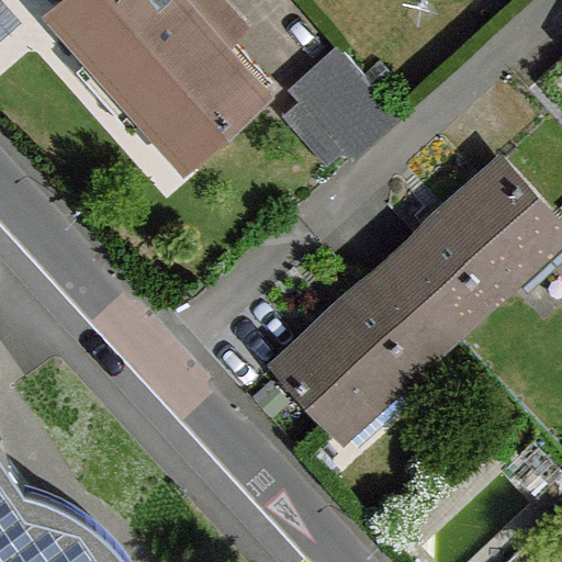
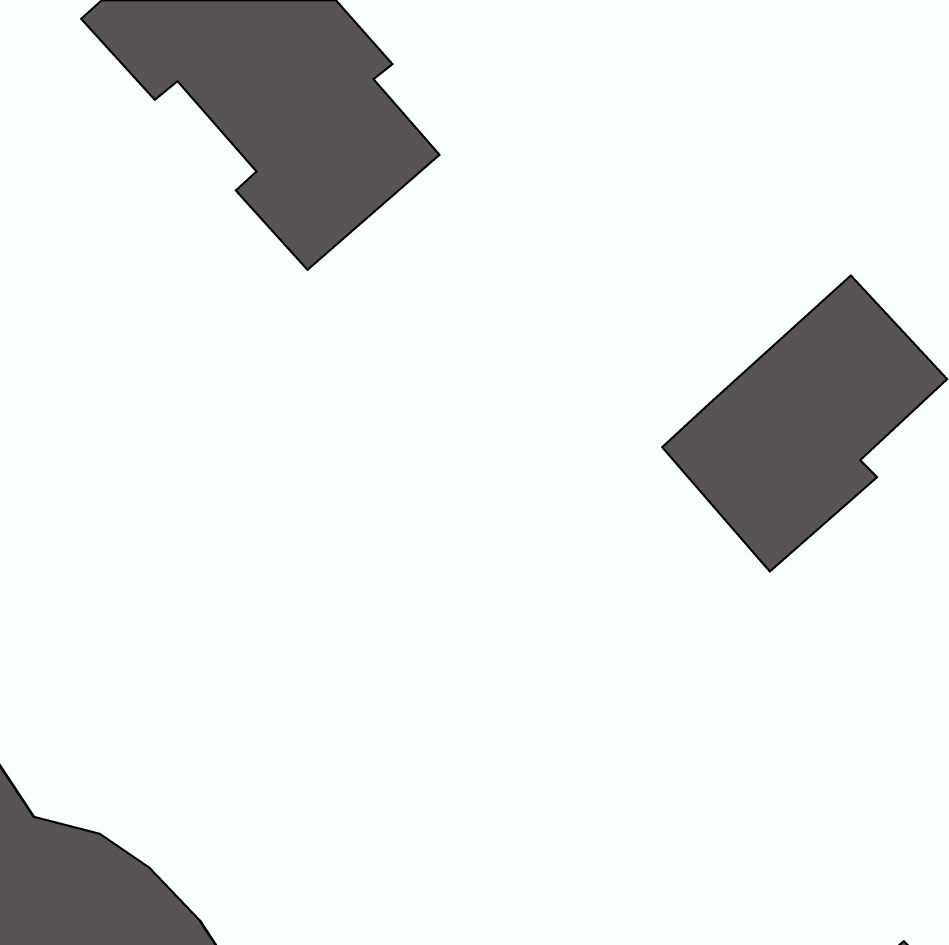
building: [277,48,392,166] -> none
building: [272,271,448,435] -> none

